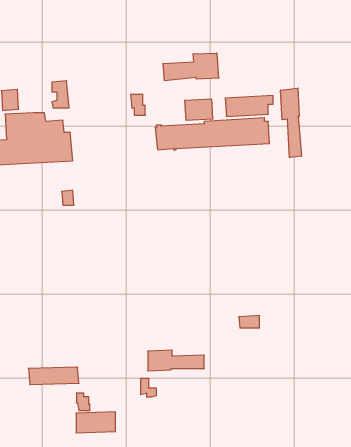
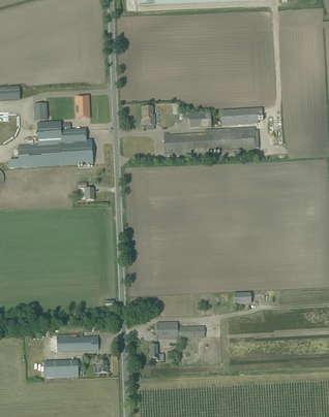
building: [163,53,219,81] -> none
building: [281,88,301,158] -> none
building: [76,412,115,433] -> [44,359,78,377]

